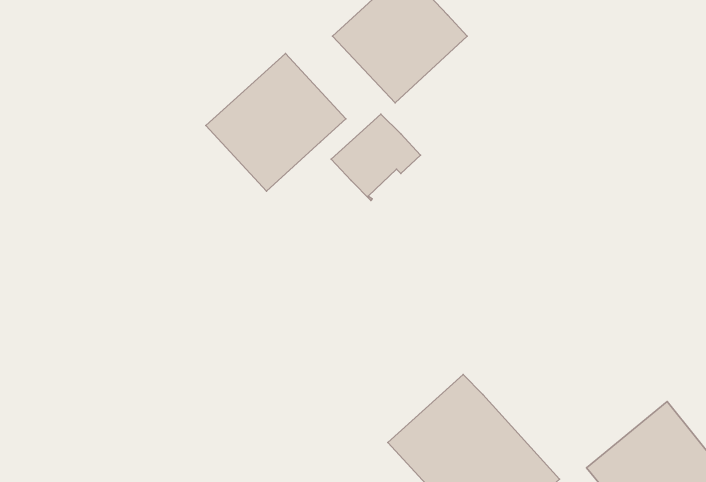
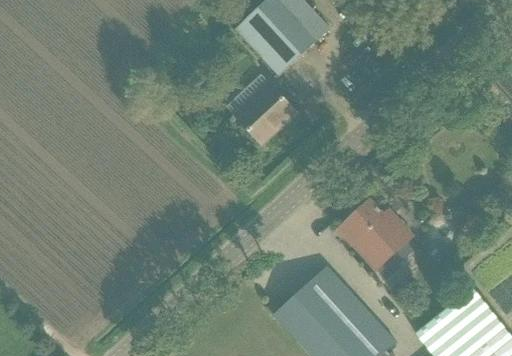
building: [206,53,346,191] -> none
building: none -> [335,199,413,283]

